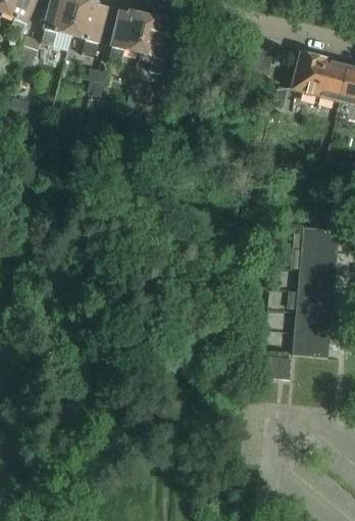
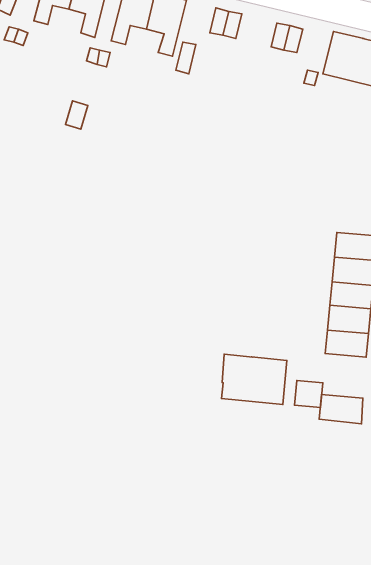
building: [292,332,329,358] -> [319,395,363,424]
building: none -> [222,354,287,405]

